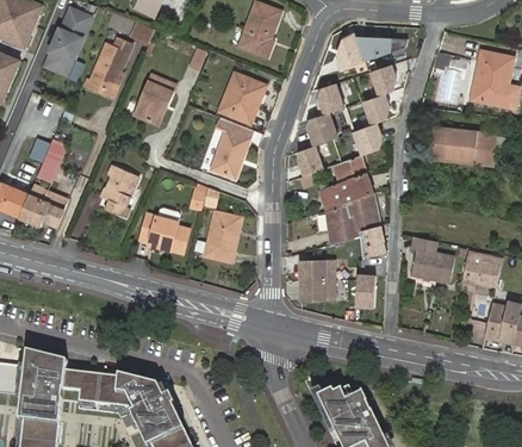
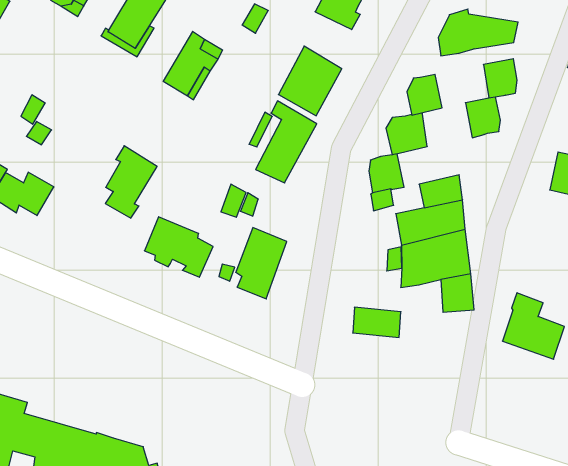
building: [350,123,381,156] -> none
building: [355,275,375,308] -> none
building: [299,280,334,302] -> none

